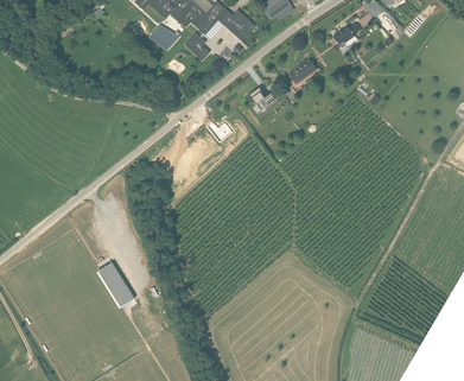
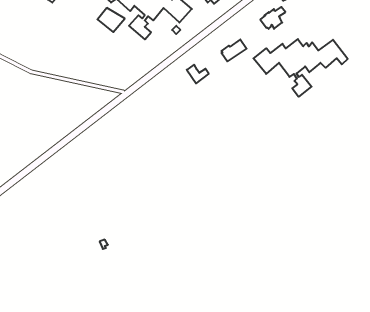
building: none -> [253,39,348,97]
building: [96,262,134,307] -> none

